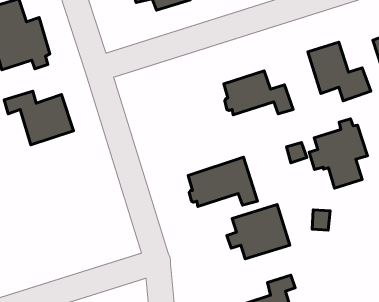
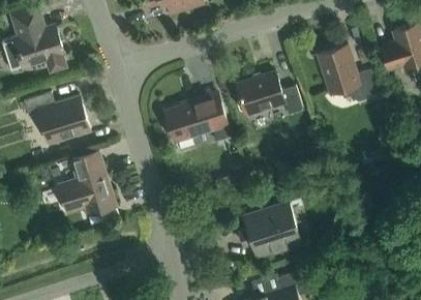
building: [309,119,367,188] -> none
building: none -> [63,150,116,215]
building: [188,157,258,206] -> [164,95,232,143]

